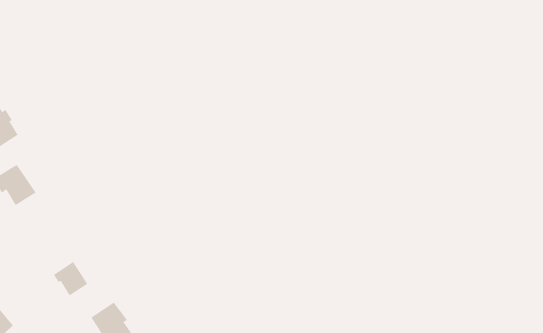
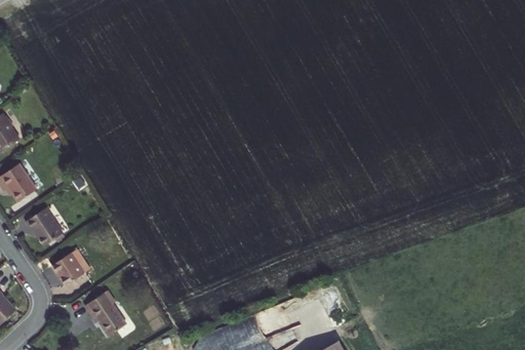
building: none -> [23,208,59,246]

